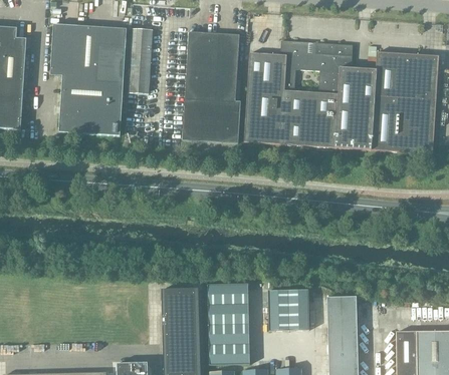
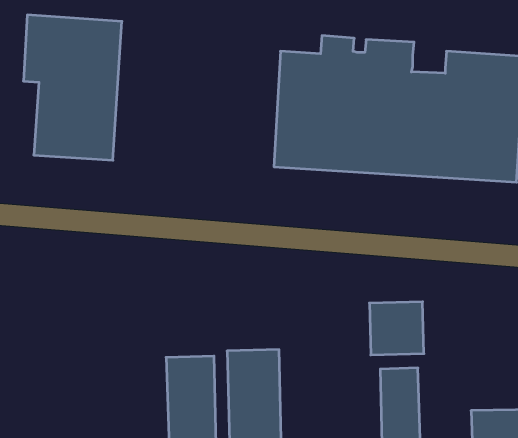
building: [128,28,153,94] -> none
building: [184,32,241,142] -> none
building: [267,290,309,331] -> [369,302,424,355]

